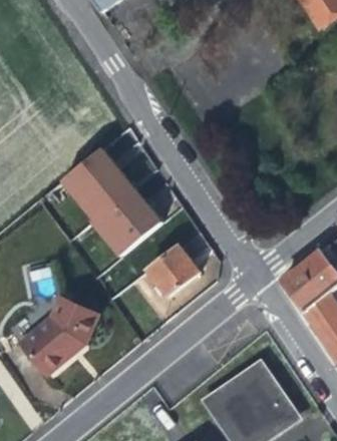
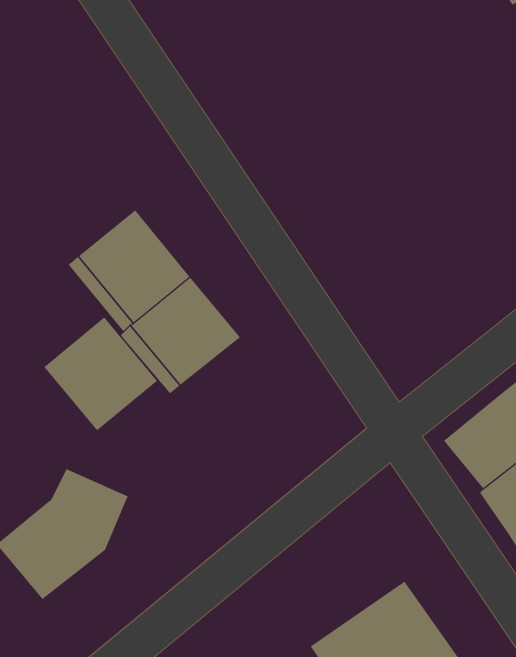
building: none -> [43,317,158,431]
building: [148,245,202,297] -> none

